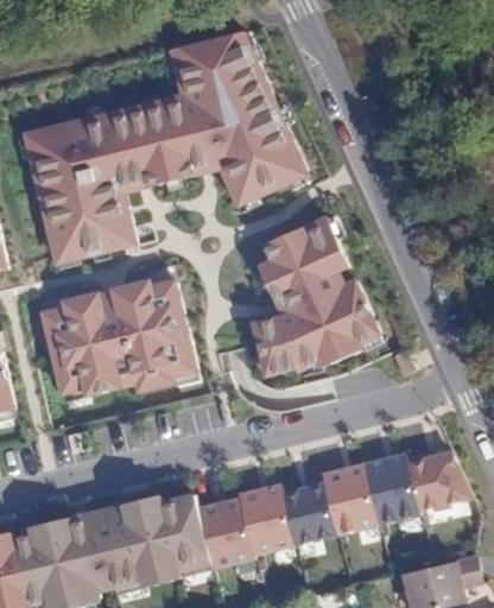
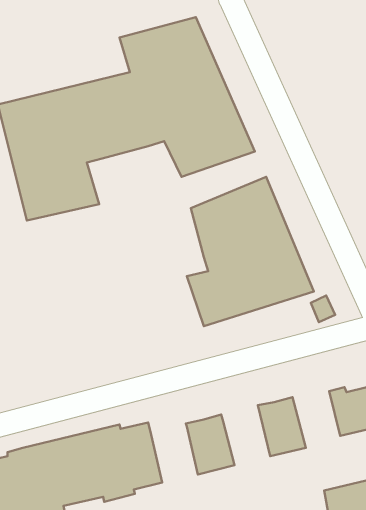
building: [42,276,194,401] -> none
building: [363,456,420,525] -> none
building: [283,475,337,545] -> none
building: [198,500,254,569] -> none

